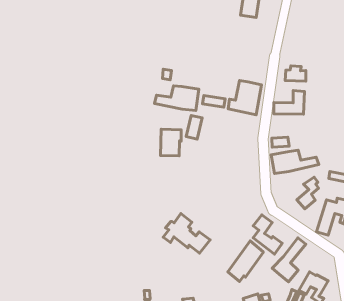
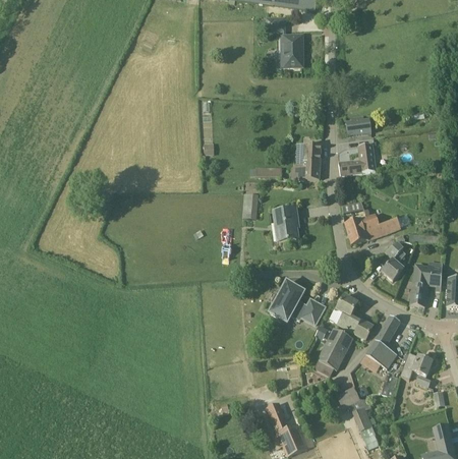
building: [154,86,199,111] -> none
building: [161,129,181,156] -> [273,207,298,240]
building: [163,213,210,253] -> [270,281,325,324]

